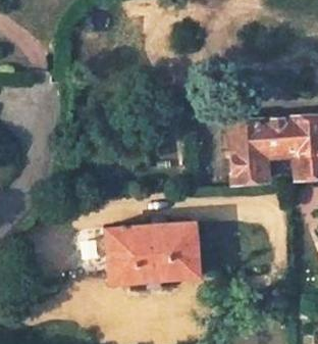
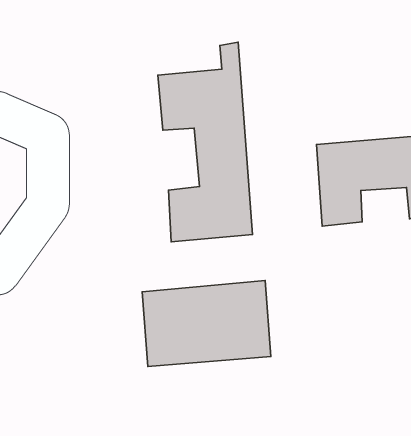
building: none -> [158,42,253,242]

